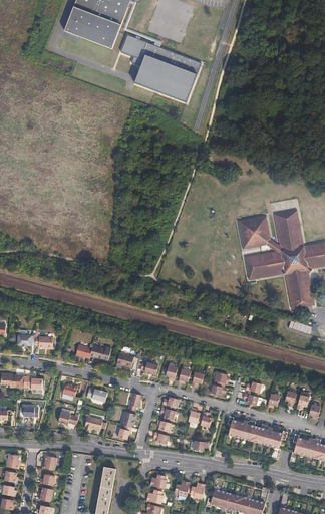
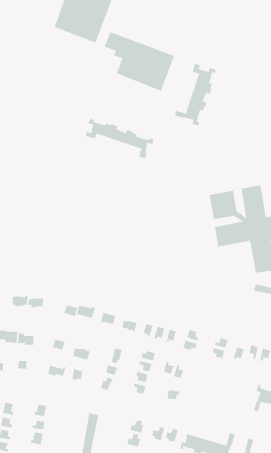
building: none -> [174,63,217,126]
building: none -> [85,118,154,159]
building: [226,417,286,460] -> none

